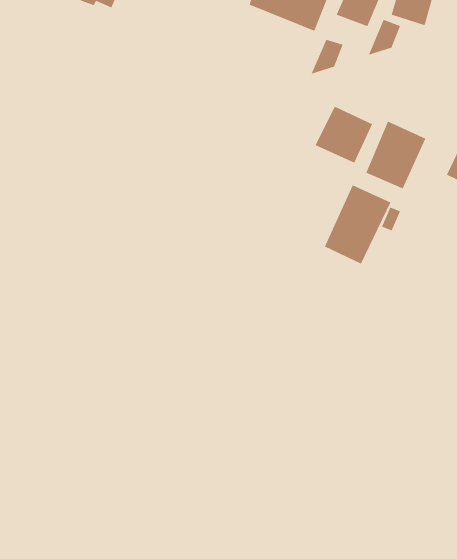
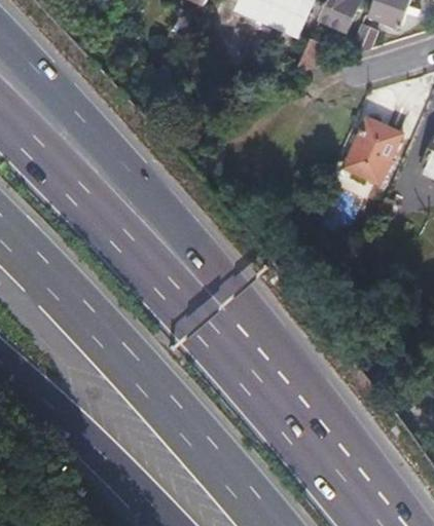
building: [315,106,373,164] -> none
building: [324,185,391,264] -> none

